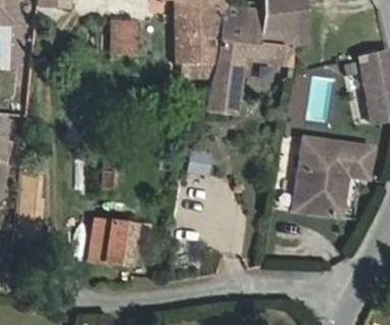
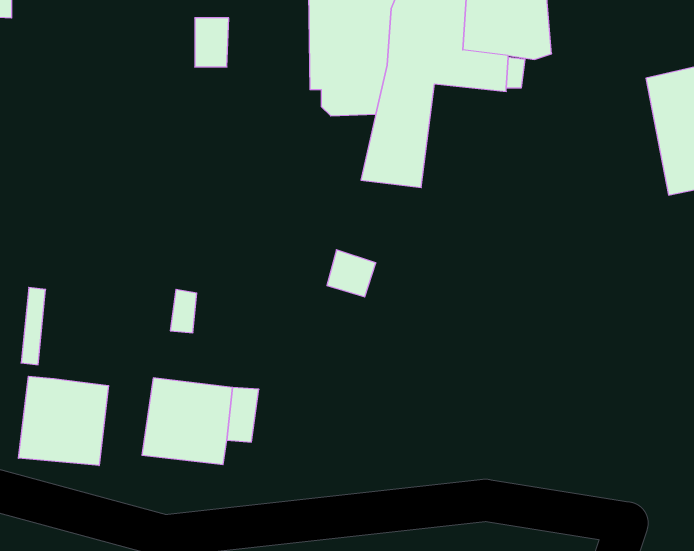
building: [292,137,372,216] -> none
building: none -> [18,376,109,466]

